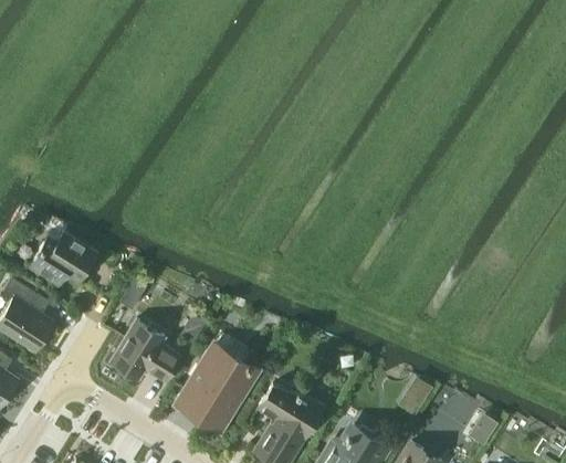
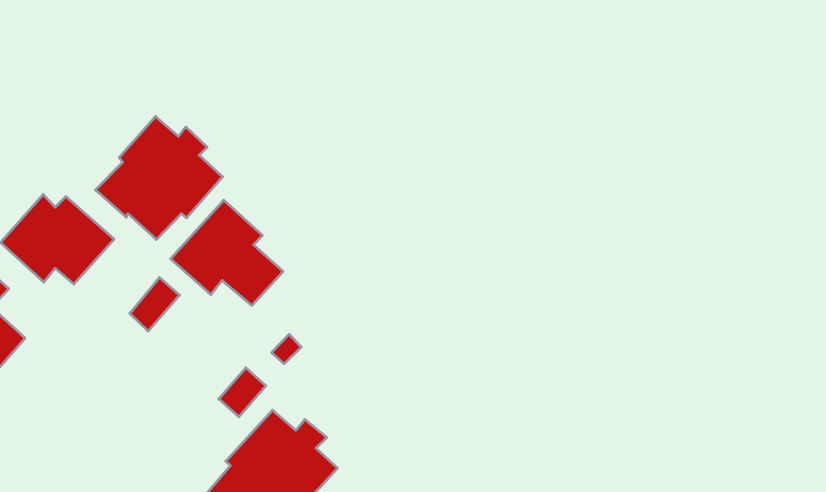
building: none -> [95,116,223,240]
building: [112,319,182,381] -> [171,200,283,305]

